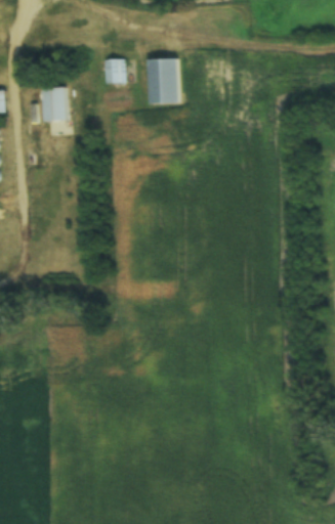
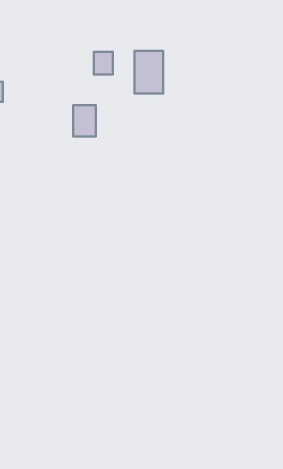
building: [42,86,67,120] -> [73,105,96,136]

